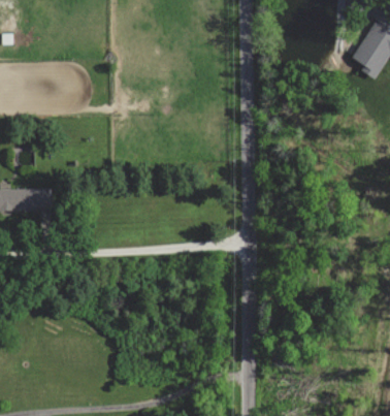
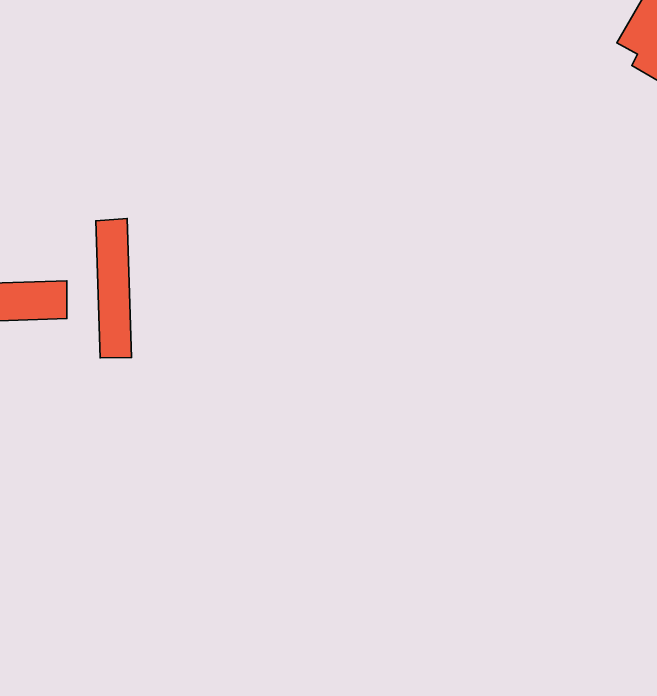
building: none -> [96,218,132,358]

